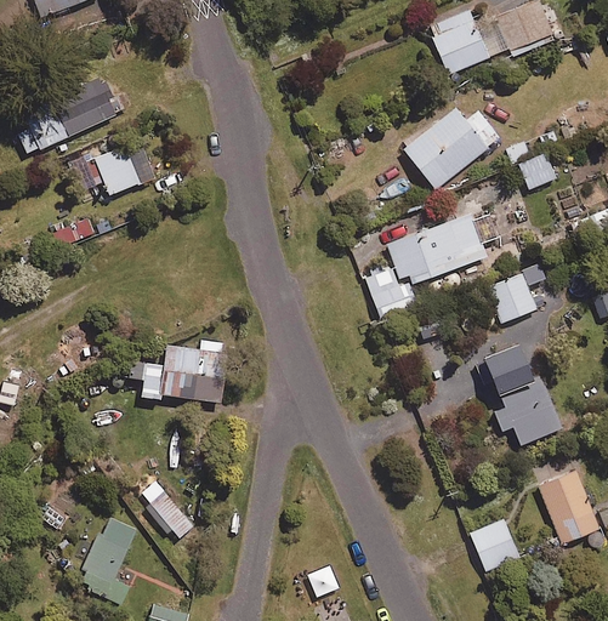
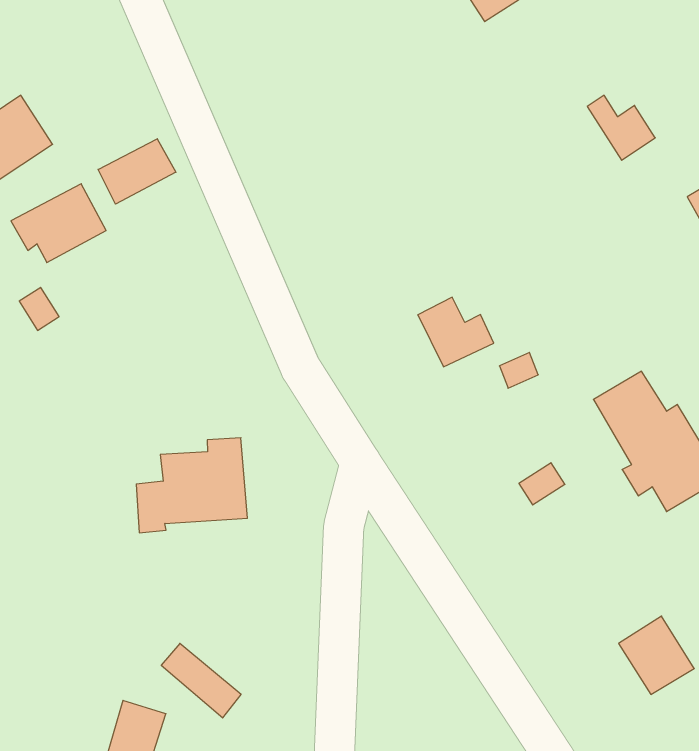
building: [403,108,500,189] -> none
building: none -> [98,139,176,204]
building: [386,212,485,281] -> none
building: [487,263,546,323] -> none

